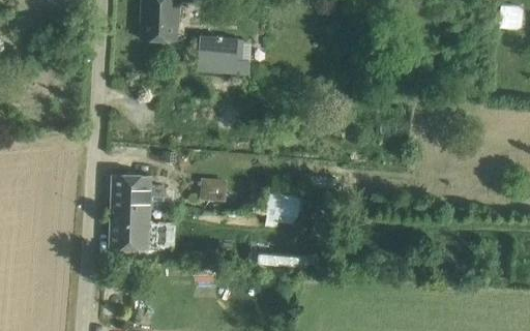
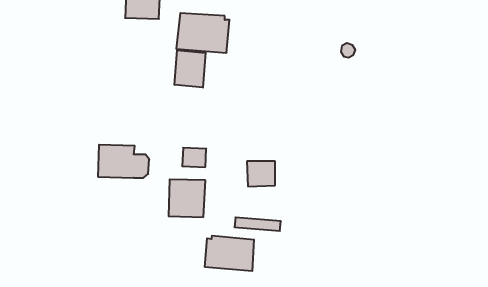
building: none -> [175,50,206,88]
building: [110,209,149,249] -> [169,179,205,217]
building: none -> [205,236,254,271]

